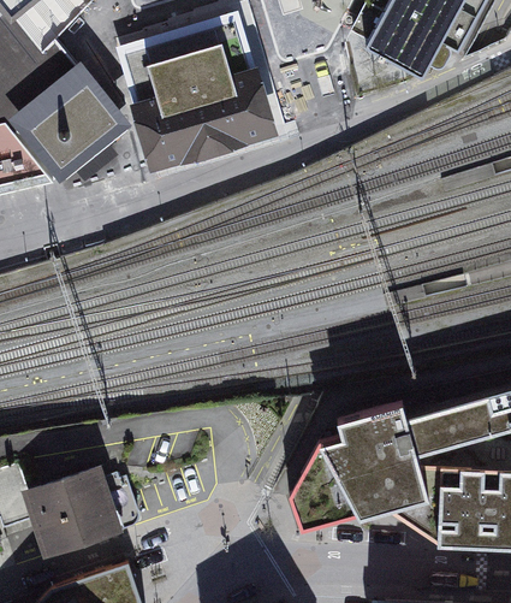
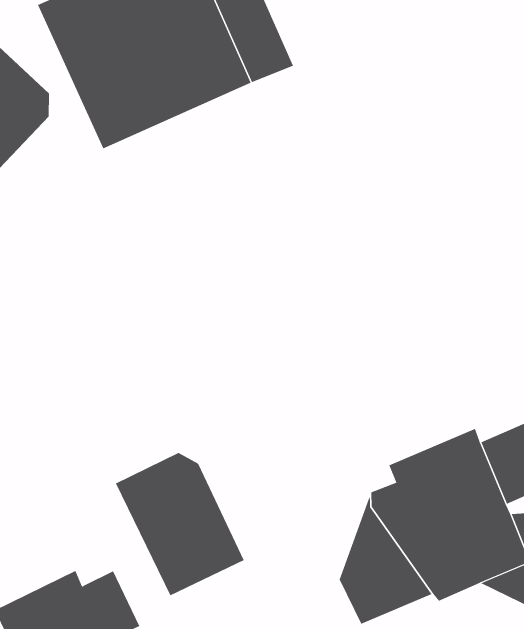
building: none -> [115,452,245,596]

